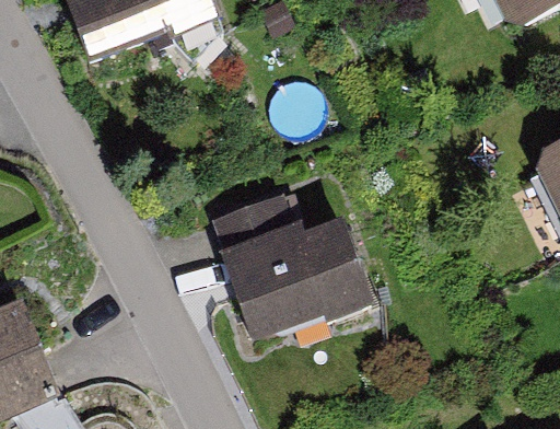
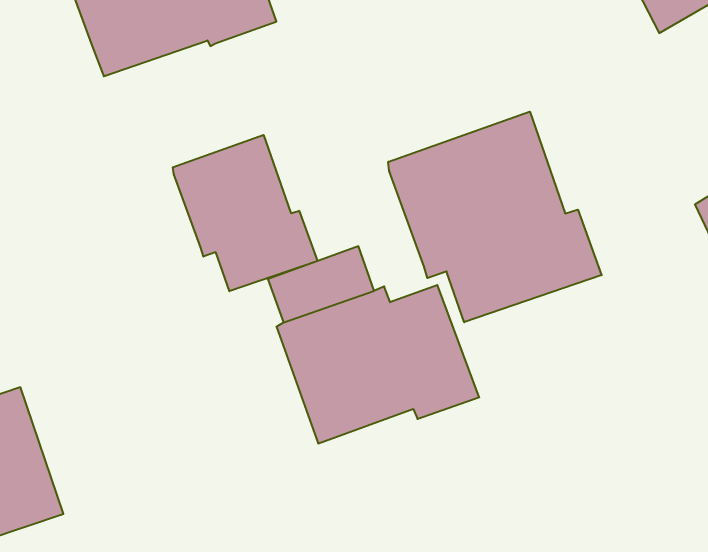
building: none -> [388,112,602,322]
building: none -> [173,135,317,291]

